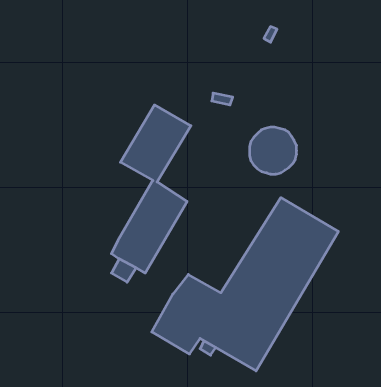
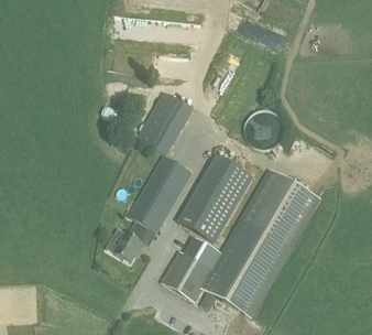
building: none -> [178,155,251,242]
building: none -> [112,231,142,261]

